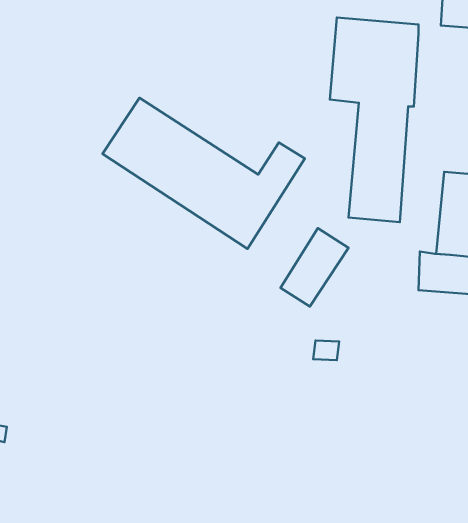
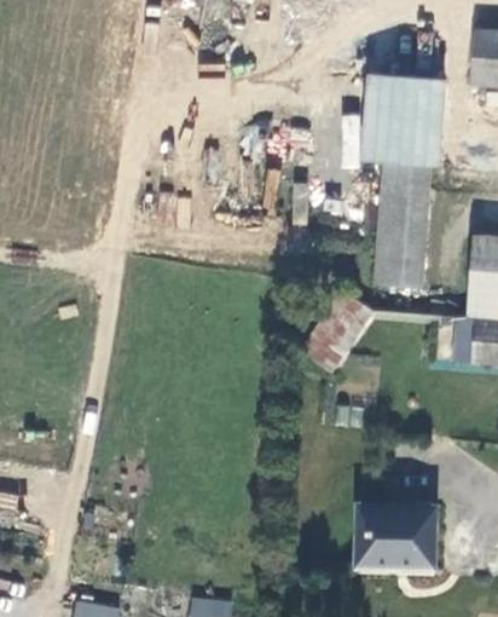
building: [102,98,305,249] -> none
building: none -> [349,504,433,577]

